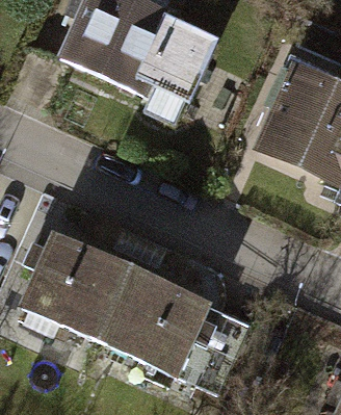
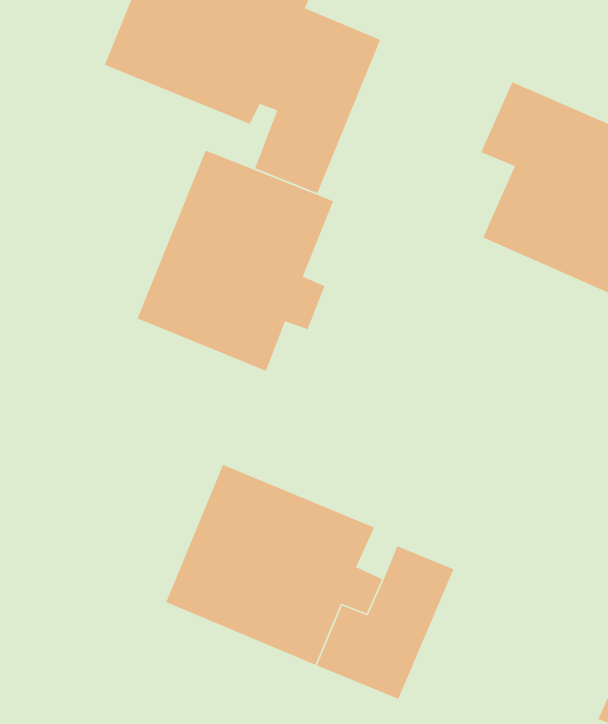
building: none -> [136,149,334,372]
building: [22,228,128,338] -> none

